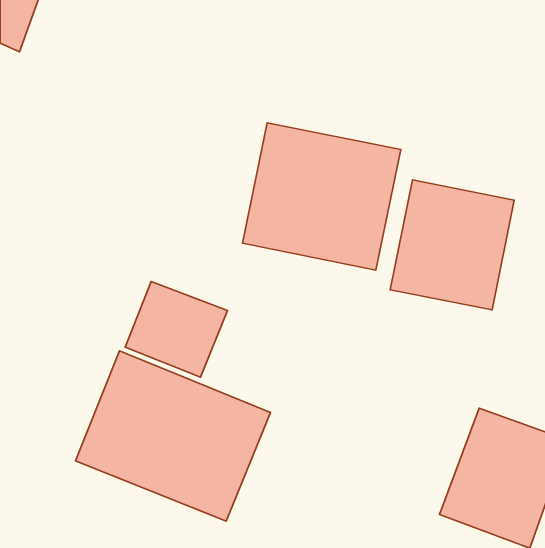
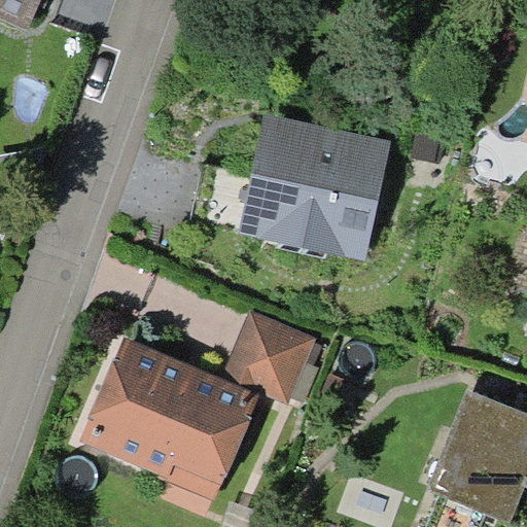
building: [390,180,514,310] -> none
building: [125,281,227,377] -> [224,310,322,401]

